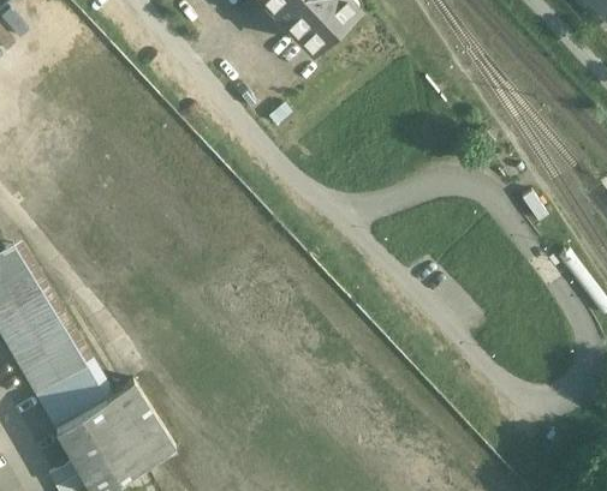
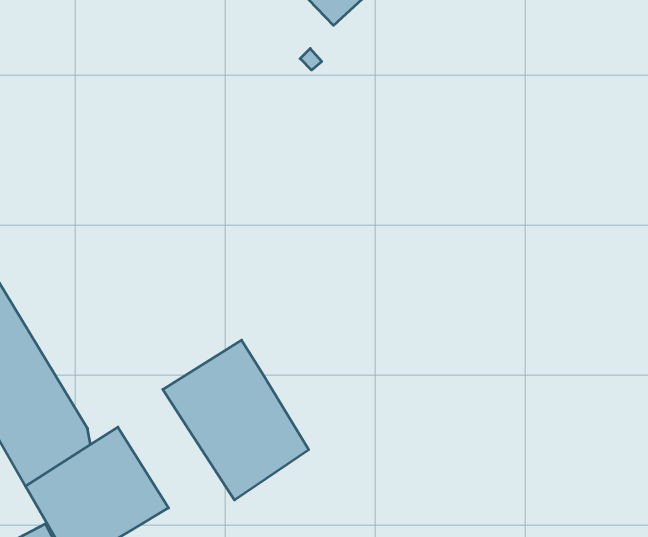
building: none -> [163,340,309,500]

